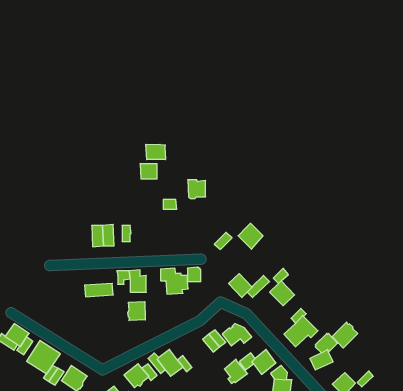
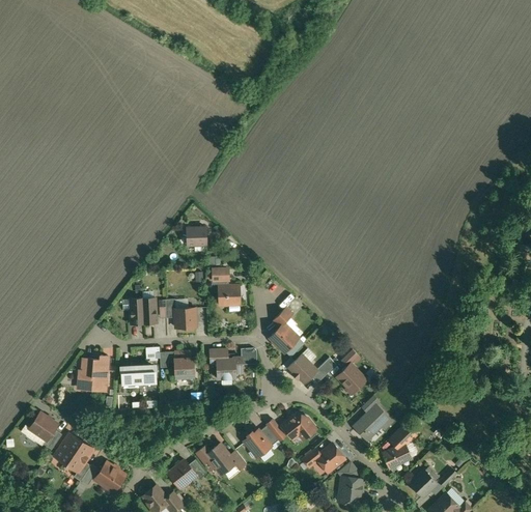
building: [146,144,165,160] -> none
building: [188,180,206,199] -> [218,285,239,307]
building: [238,223,263,249] -> [269,323,298,353]
building: none -> [174,308,195,329]
building: none -> [78,355,108,391]
building: [128,302,145,321] -> none
building: [332,322,358,348] -> none
building: [224,359,248,383] -> [244,430,271,458]

